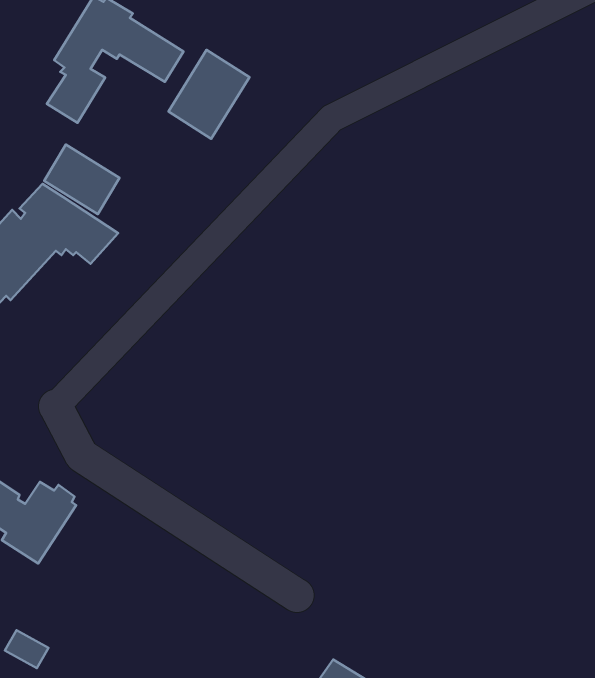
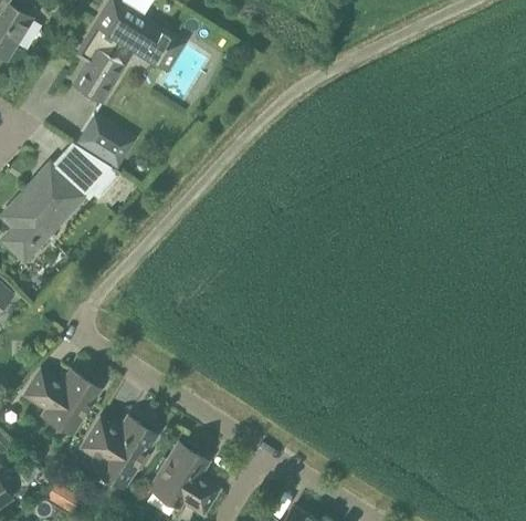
building: [168,50,249,139] -> none
building: none -> [82,416,156,487]
building: none -> [147,441,218,513]

